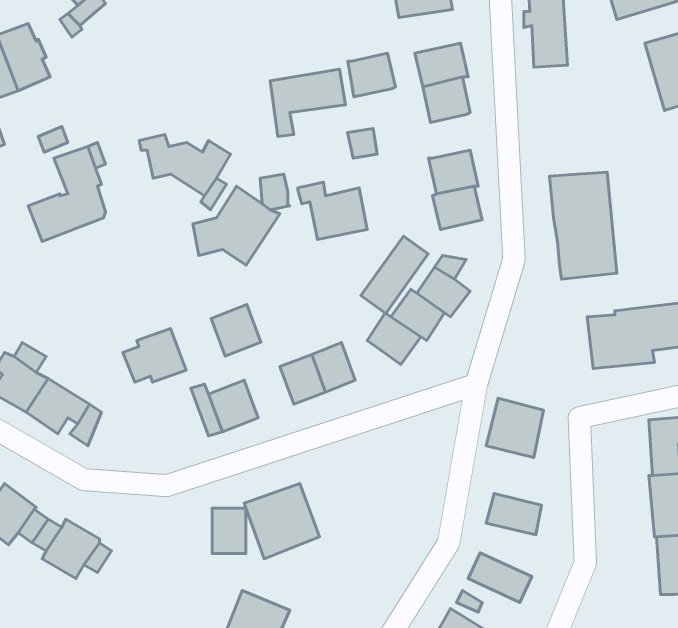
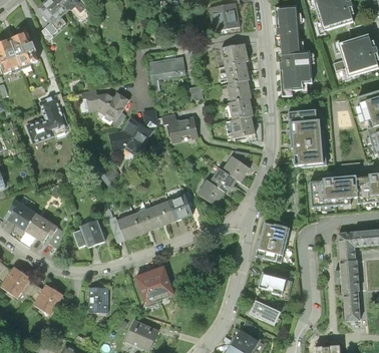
building: [348,53,395,97] -> [227,79,251,101]
building: none -> [279,53,310,89]
building: [361,236,428,313] -> none
building: [211,305,261,356] -> [134,207,159,233]
building: [123,329,186,382] -> [72,220,104,247]
building: [212,508,246,554] -> [89,288,106,311]

